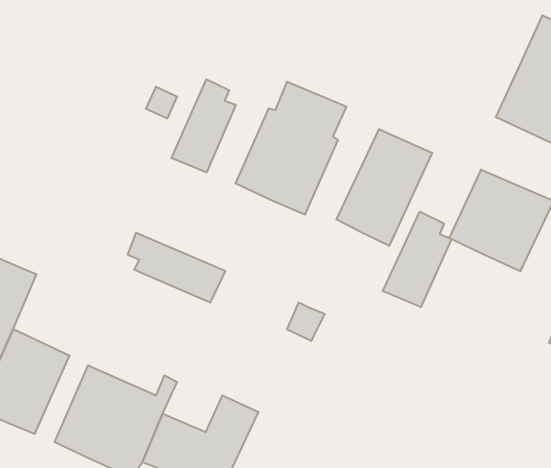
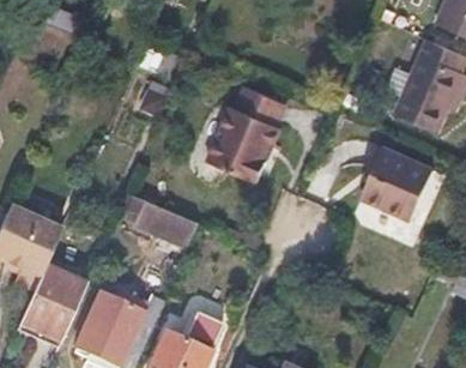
building: [171,79,236,172] -> none
building: [336,129,432,246] -> none
building: [383,212,452,307] -> none

